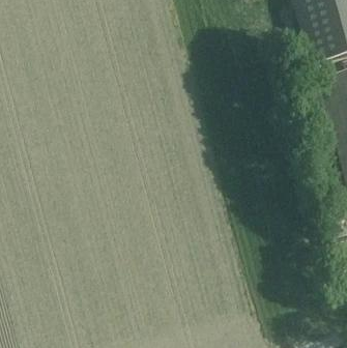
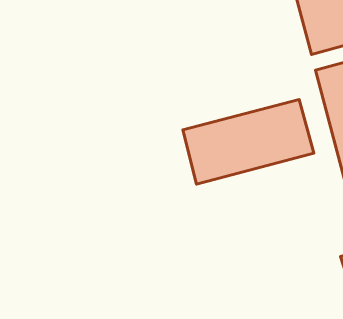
building: none -> [183,100,314,184]

